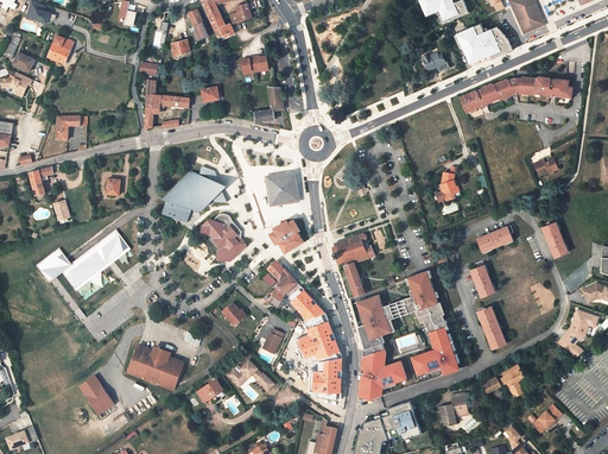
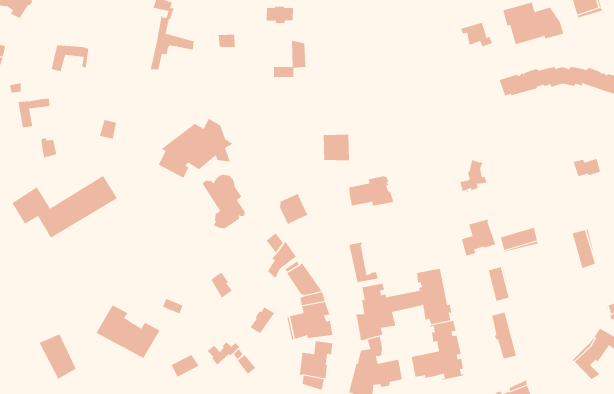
building: [268,175,296,201] -> [323,134,350,161]
building: none -> [461,218,496,256]
building: [331,233,374,264] -> [348,176,394,206]

